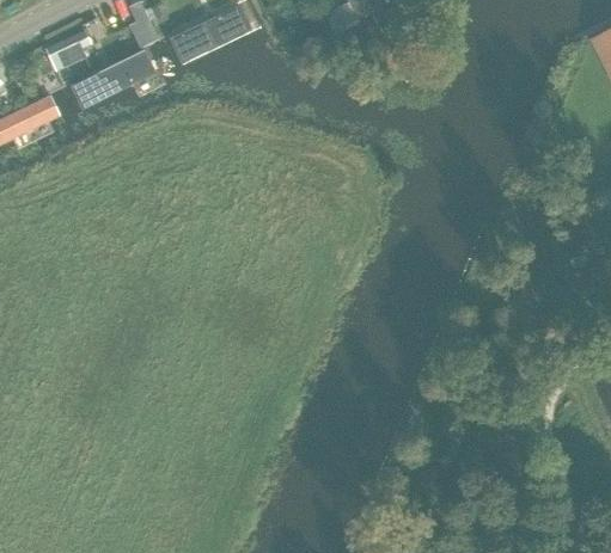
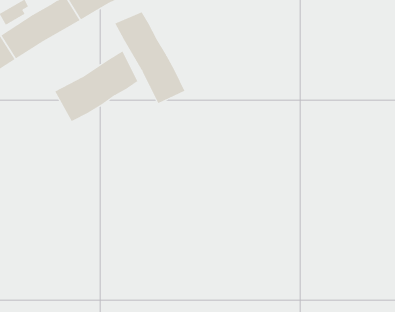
building: none -> [114,12,185,104]
building: none -> [55,51,138,122]

